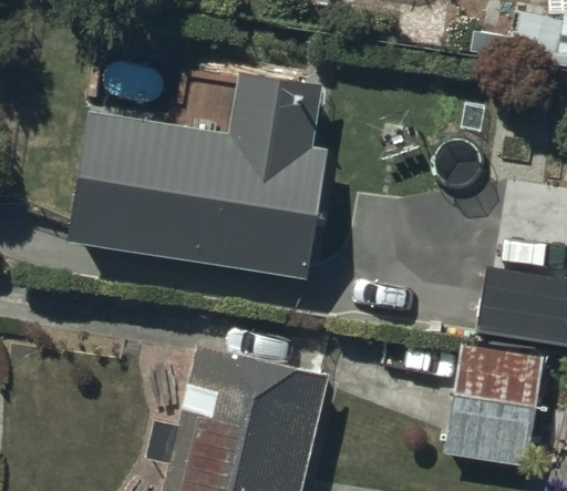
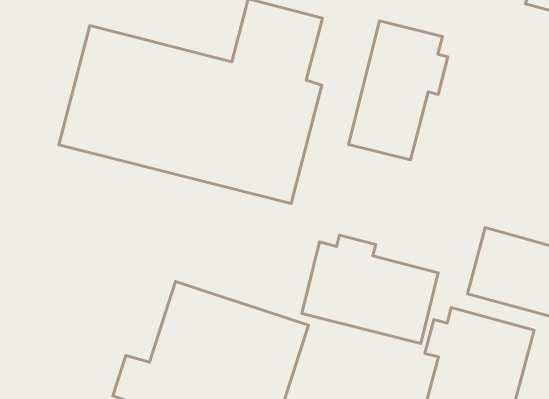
building: none -> [348,21,448,160]
building: none -> [302,235,438,344]

